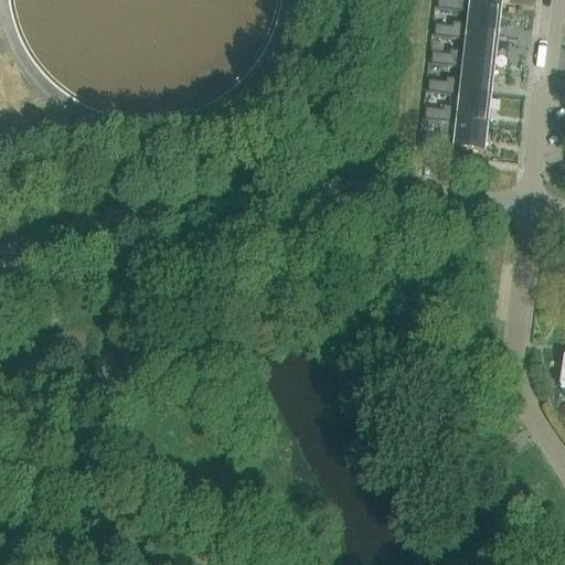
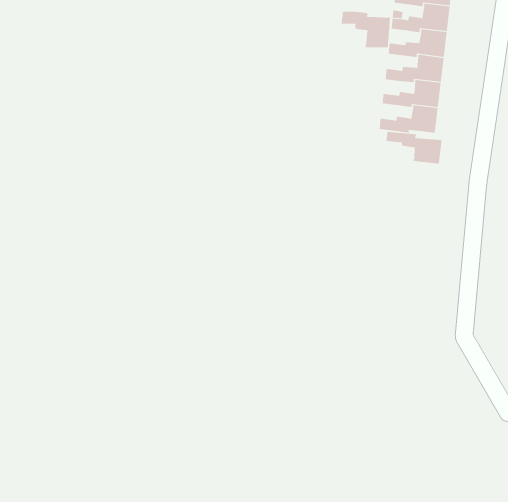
building: none -> [341,11,391,48]
building: none -> [386,131,442,165]

